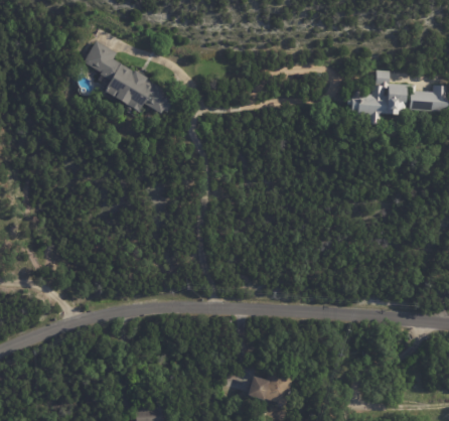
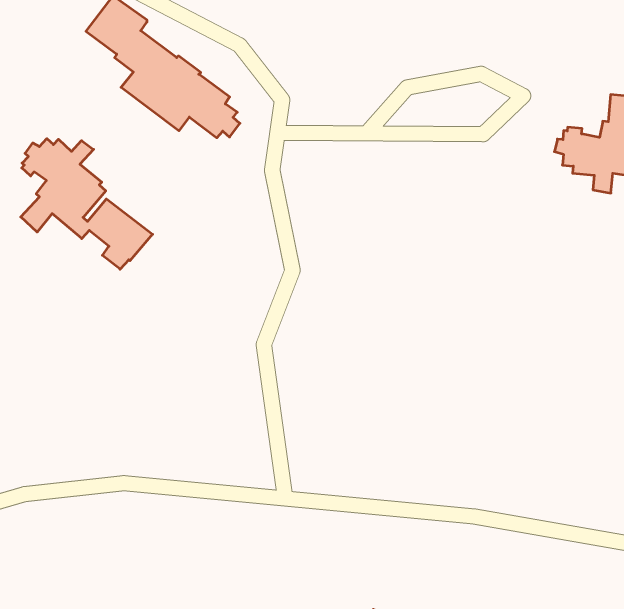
building: none -> [21,139,153,269]

